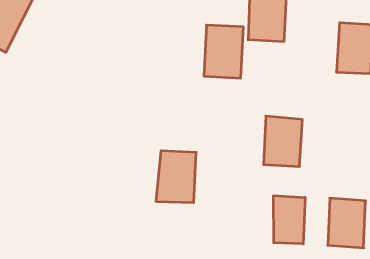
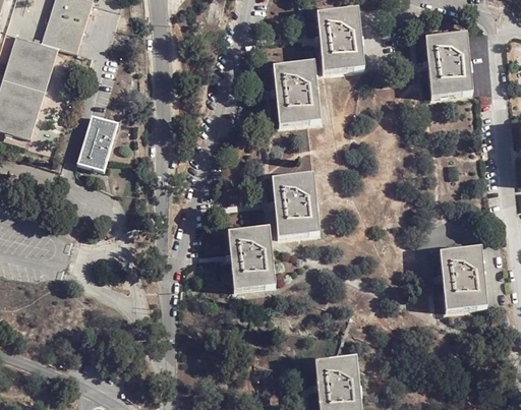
building: none -> [77,116,119,172]
building: [264,116,302,166] -> [277,175,328,237]
building: [274,196,305,244] -> none

